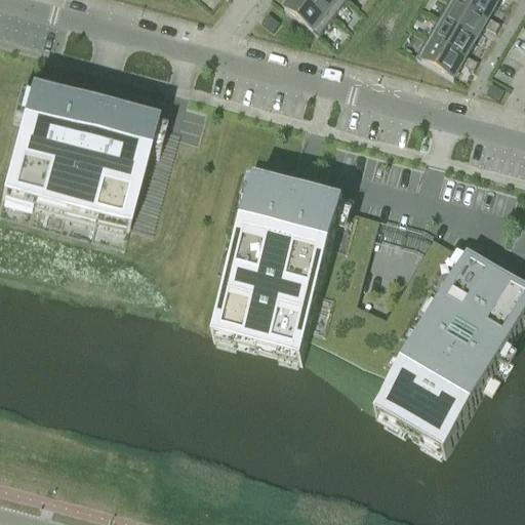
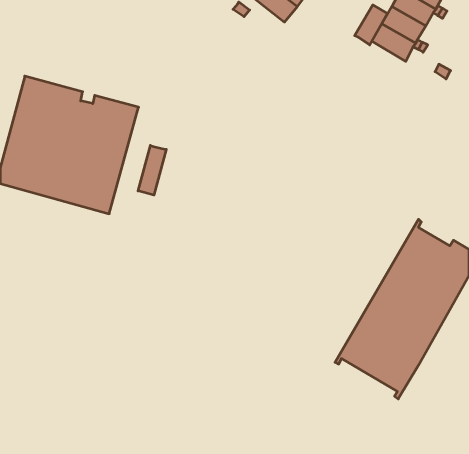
building: none -> [355,5,387,45]
building: none -> [138,145,166,195]
building: [212,172,344,353] -> none

